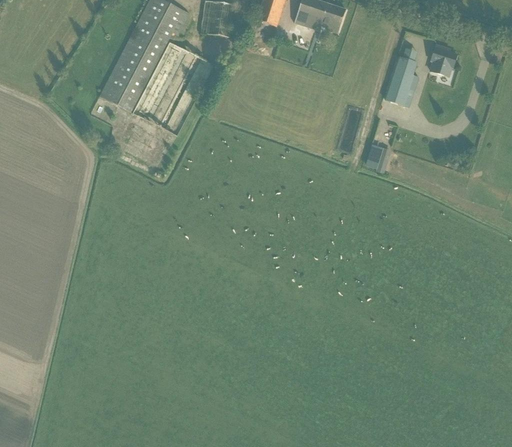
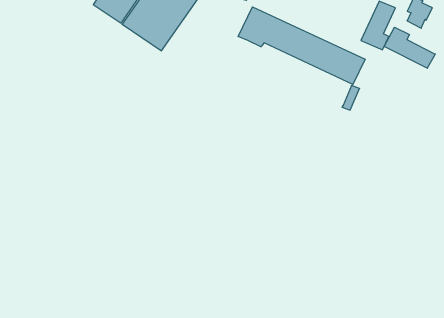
building: none -> [238,7,365,85]
building: none -> [384,27,435,68]

